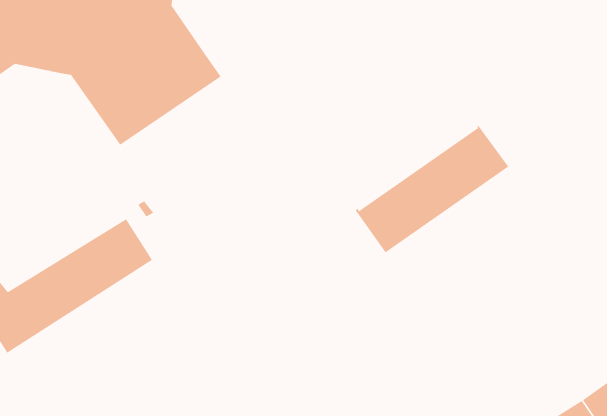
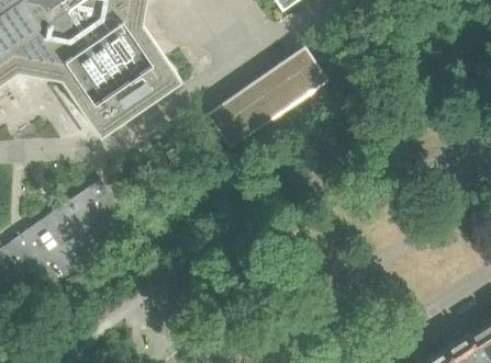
building: [355,125,509,253] -> [205,47,328,149]

